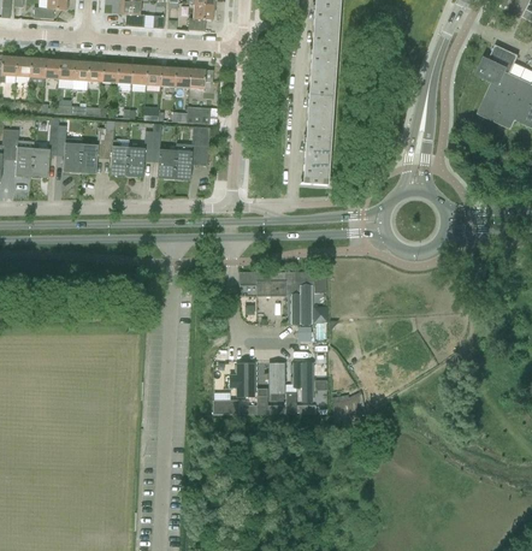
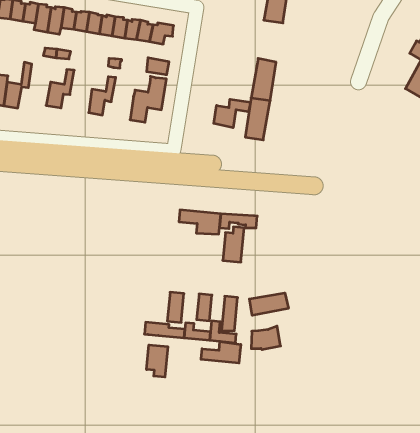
building: [311,52,335,97] -> none
building: [152,124,176,177] -> none
building: [58,125,82,170] -> none
building: [105,128,129,173] -> none
building: none -> [214,99,250,128]
building: none -> [249,293,288,315]
building: none -> [201,341,241,363]
building: none -> [147,345,168,377]

